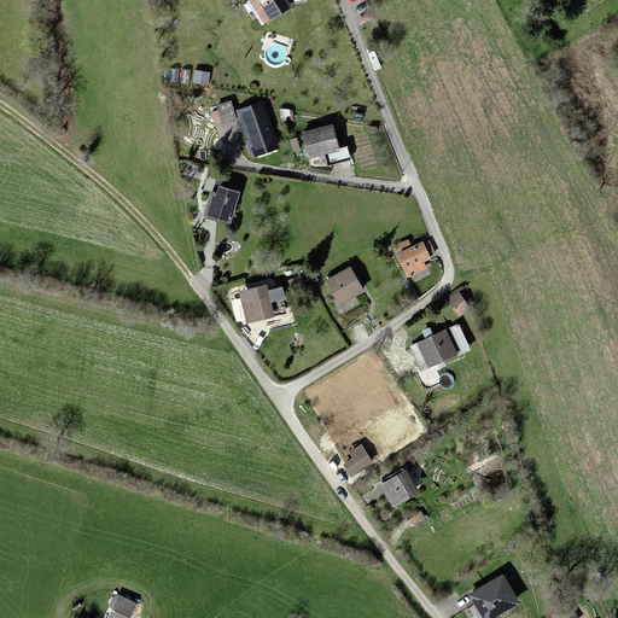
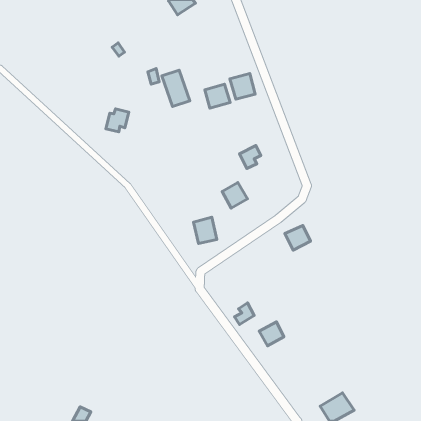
building: none -> [230,73,255,99]
building: [204,186,238,220] -> [106,109,129,132]
building: [398,241,430,275] -> [239,146,261,169]
building: [240,284,274,322] -> [194,217,217,244]

